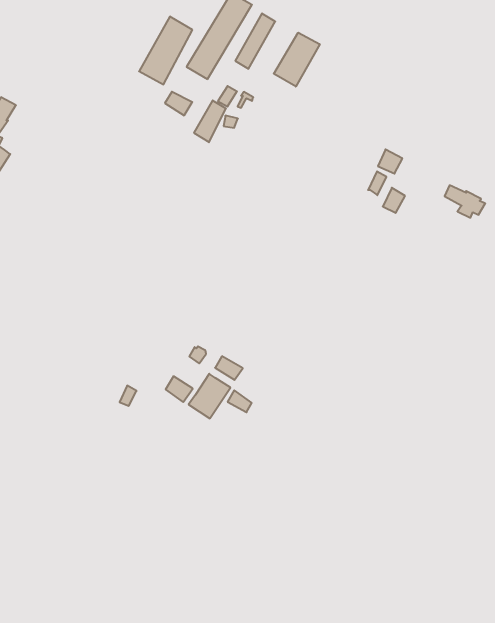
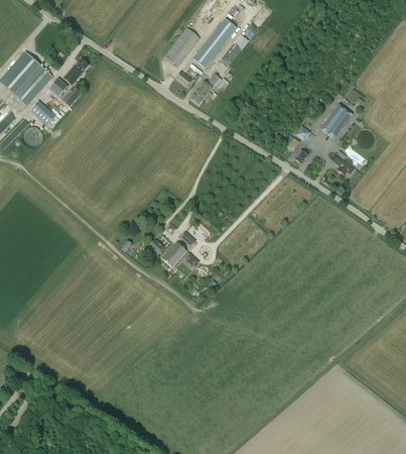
building: [274,33,320,87] -> none
building: none -> [319,104,353,139]

